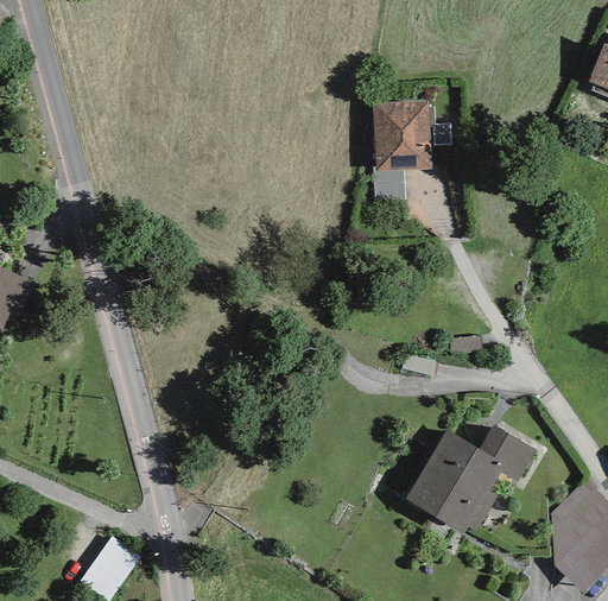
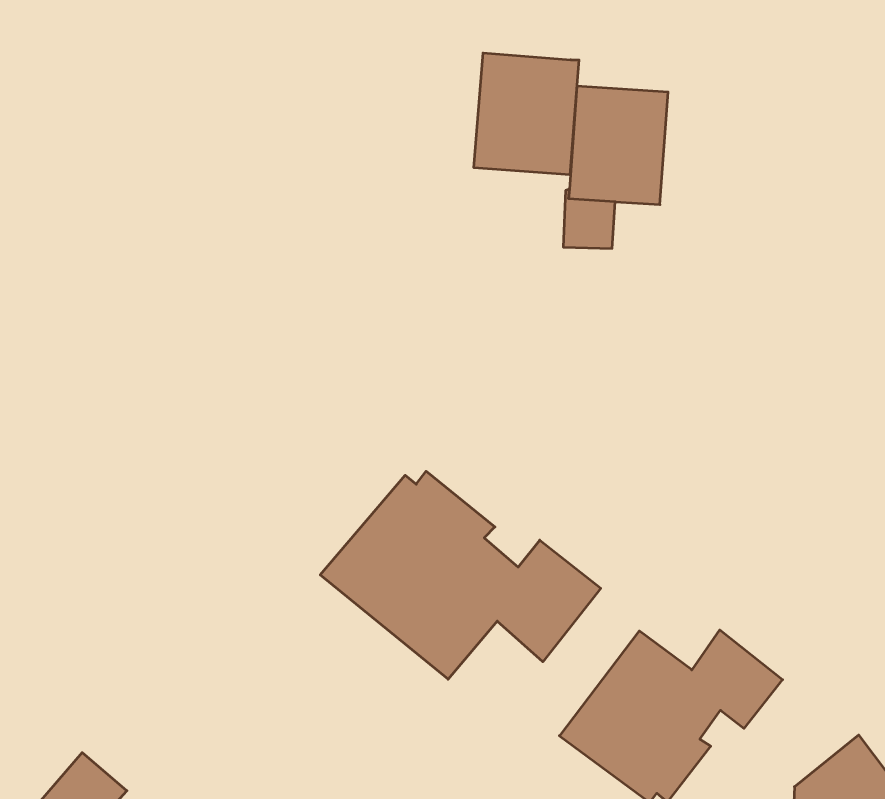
building: none -> [474,53,579,175]
building: none -> [320,471,601,679]

